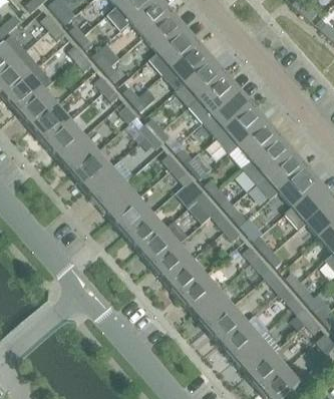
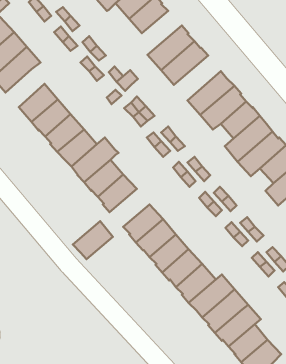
building: [150,28,199,73] -> none
building: [191,74,239,120] -> none
building: [17,88,57,127] -> none
building: [124,212,165,251] -> [73,221,113,259]

